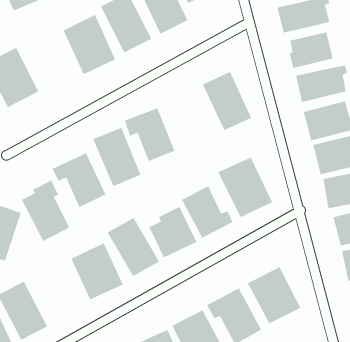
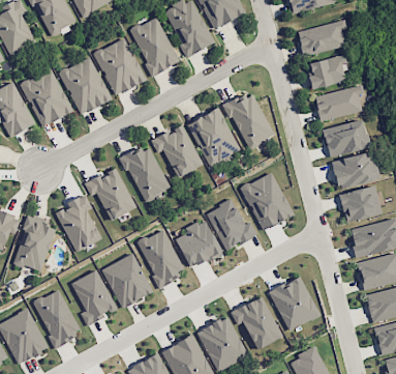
building: none -> [58,56,111,115]
building: none -> [187,108,239,166]
building: none -> [70,269,117,324]

